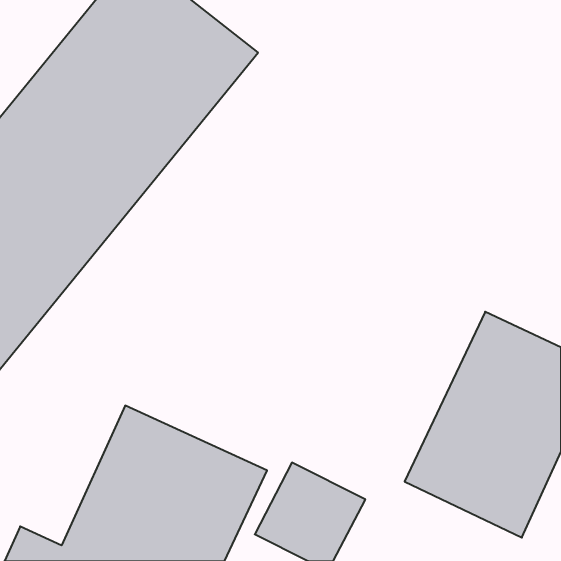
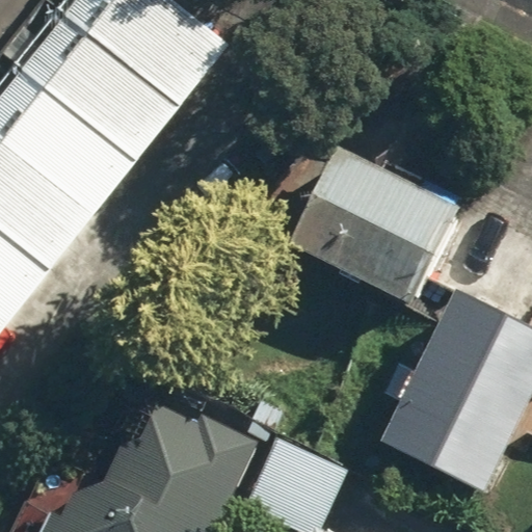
building: none -> [289,150,459,304]

